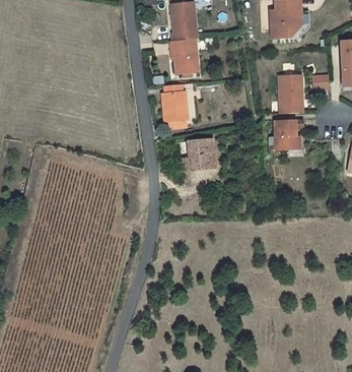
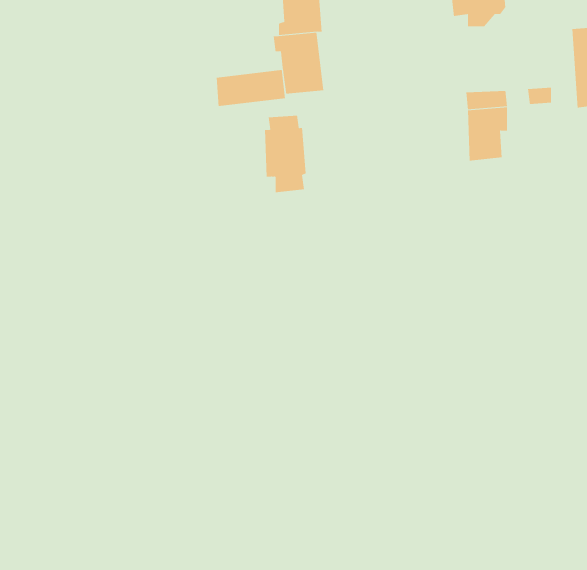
building: none -> [216,69,286,107]
building: [276,118,305,149] -> none
building: [180,141,218,175] -> none

